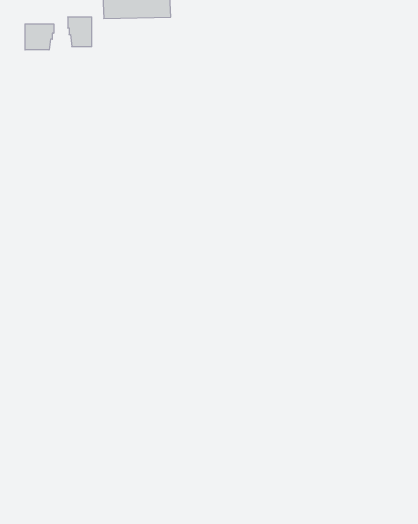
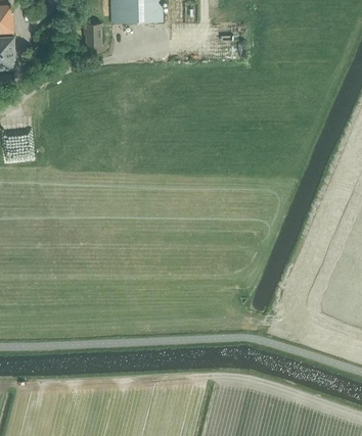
building: [25,24,54,50] -> none

